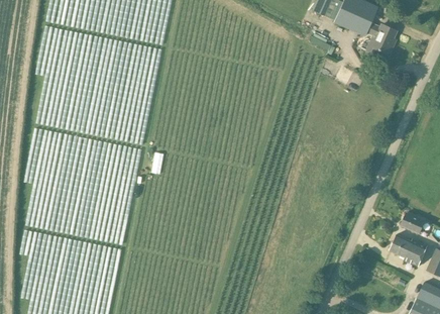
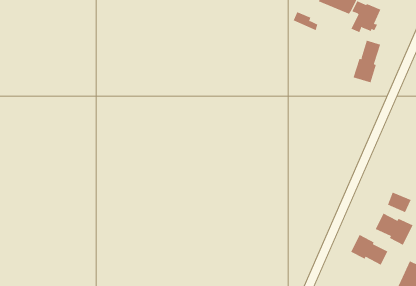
building: none -> [353,40,381,83]
building: none -> [350,234,388,266]

